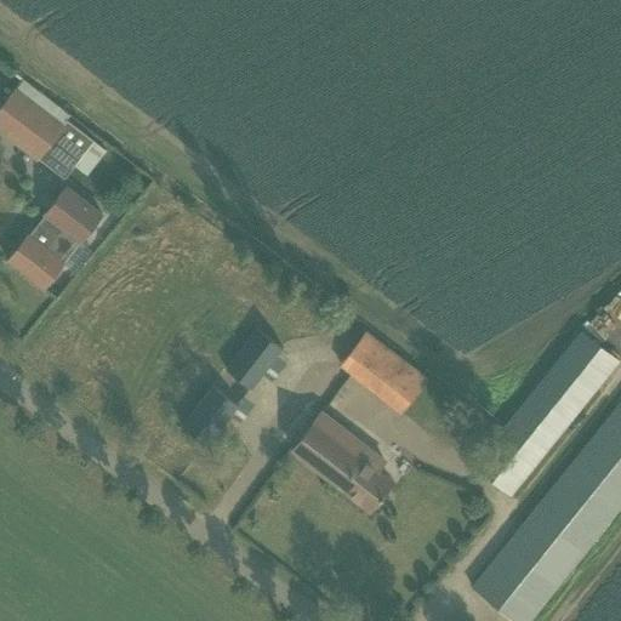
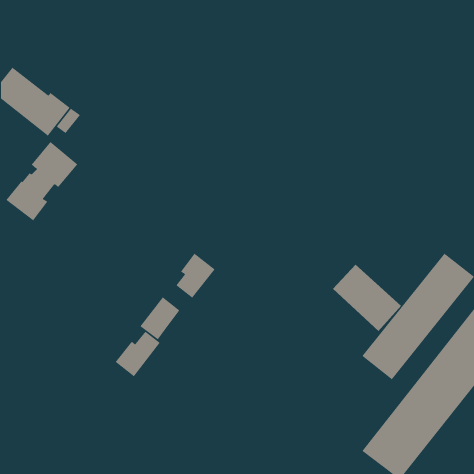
building: [334,325,425,414] -> [332,264,402,332]
building: [292,412,393,511] -> none
building: none -> [115,331,160,377]

